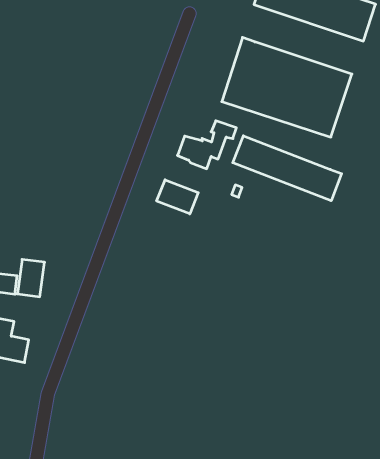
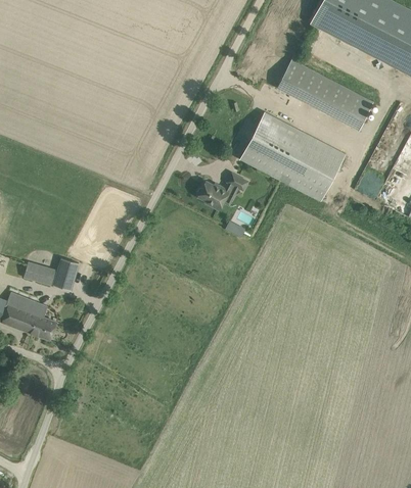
building: [233,136,342,201] -> none
building: [157,180,198,214] -> none

